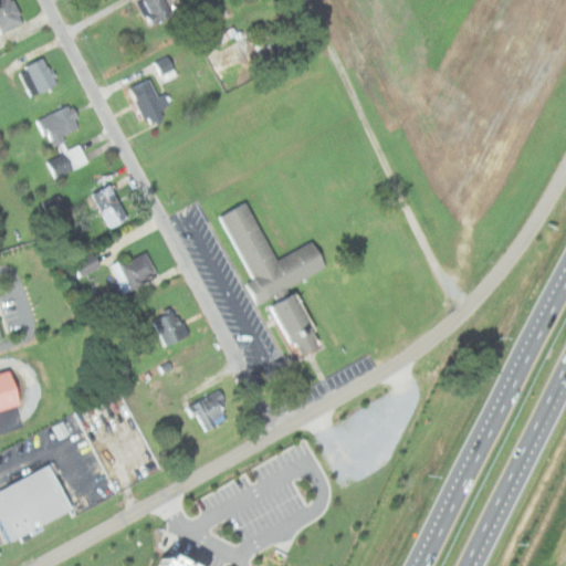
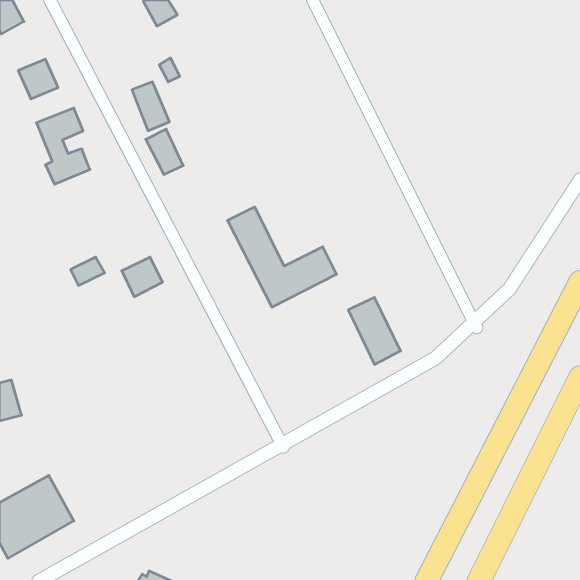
building: [91,185,127,229] -> [146,129,183,175]
building: [272,292,323,357] -> [348,297,401,364]
building: [151,307,190,348] -> none
building: [190,391,232,432] -> none

